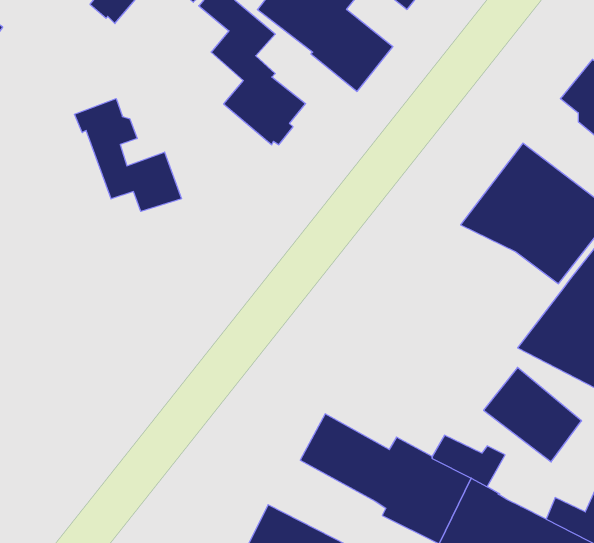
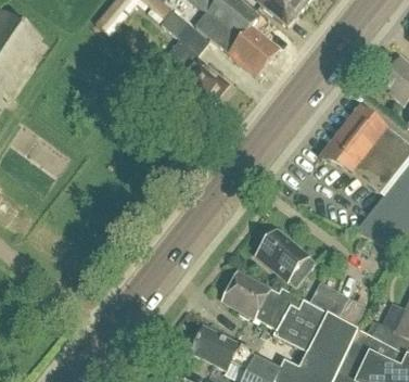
building: [74,99,181,211] -> none
building: [484,367,582,462] -> [255,227,315,284]

